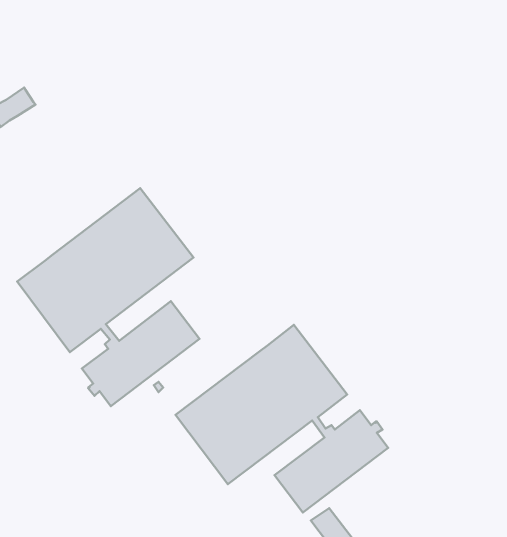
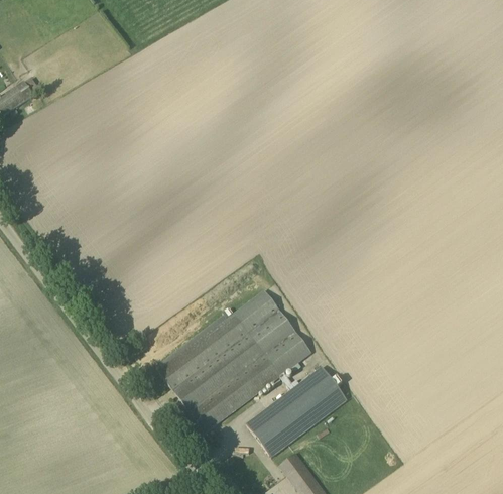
building: [17,188,200,406] -> none

